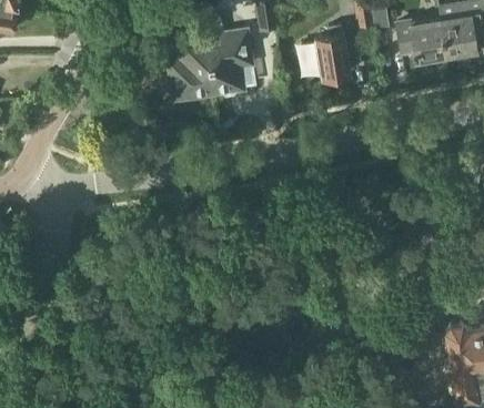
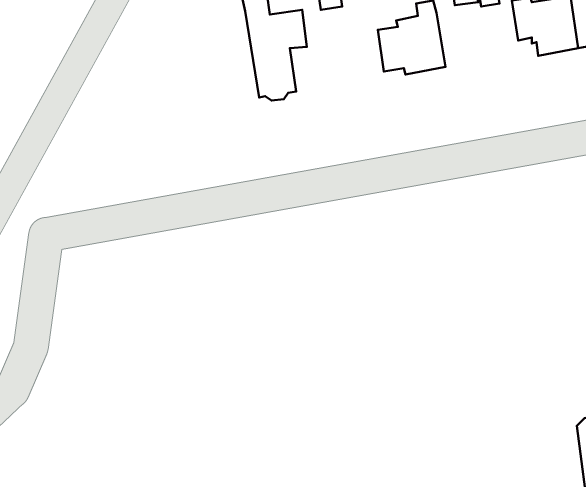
building: [169,33,218,102] -> none

